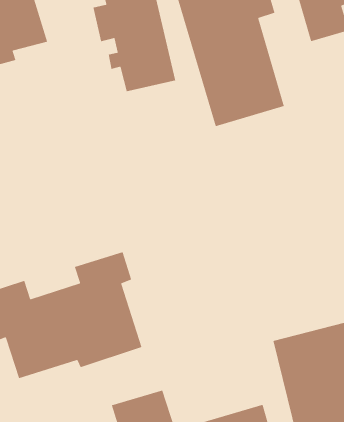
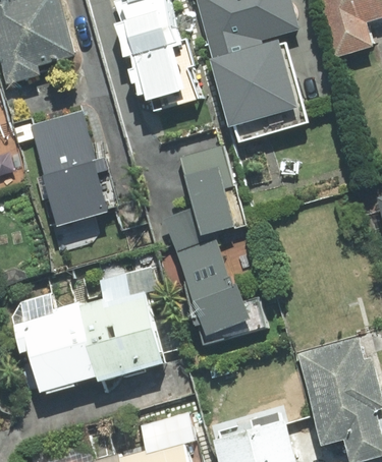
building: none -> [29,108,113,225]
building: none -> [162,147,263,345]

